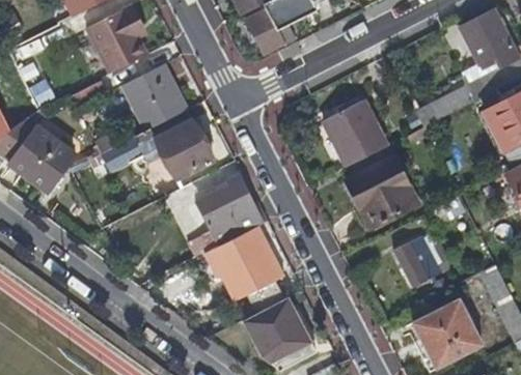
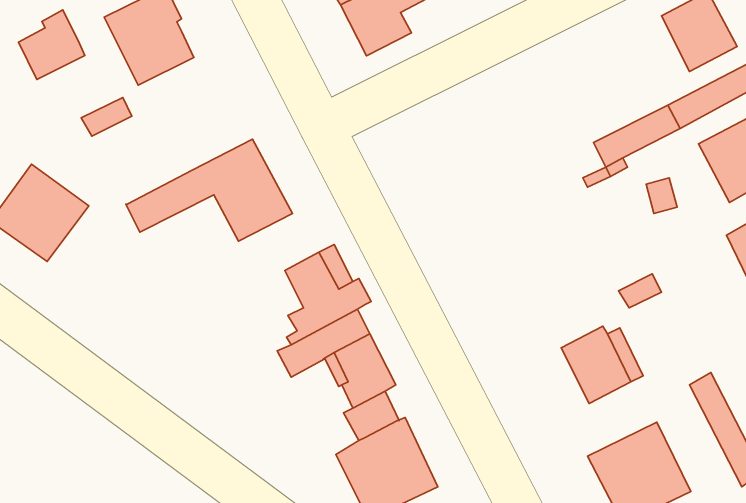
building: none -> [18,10,85,79]
building: [122,65,186,131] -> none
building: [323,100,387,167] -> none
building: [349,157,417,227] -> none

